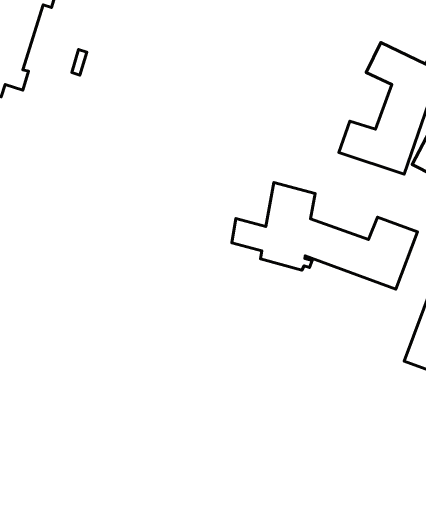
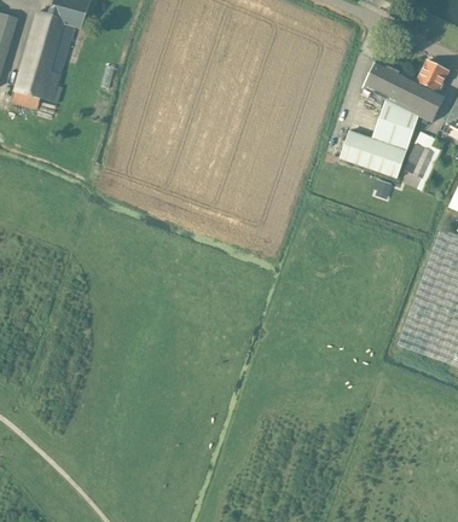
building: [232,182,418,289] -> none

